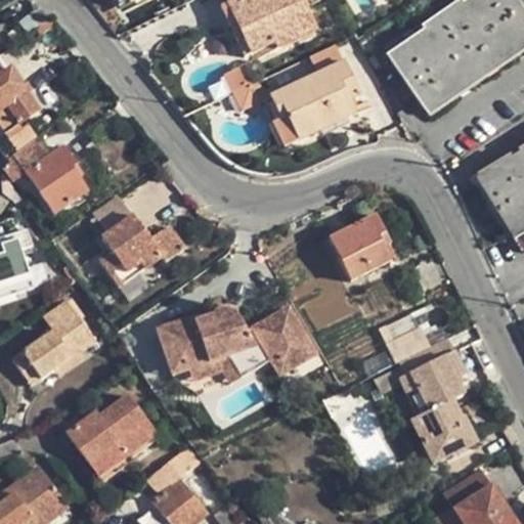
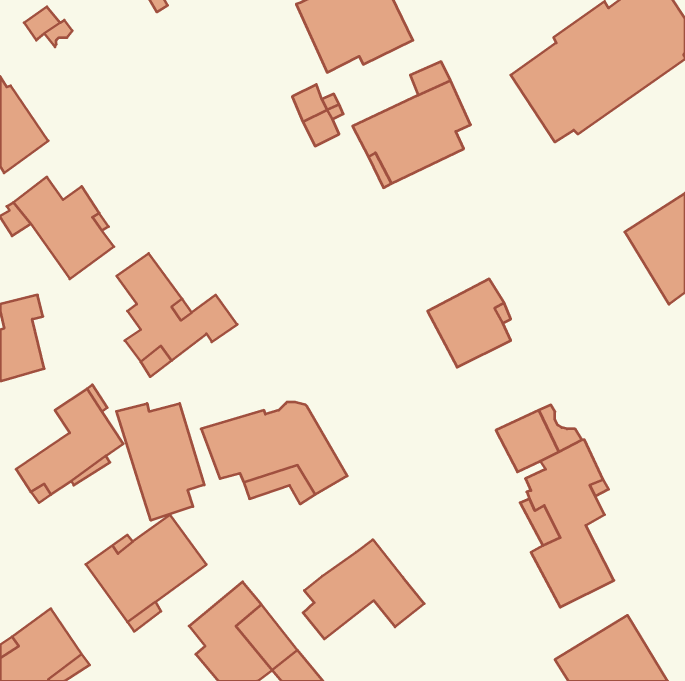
building: [251,306,316,368] -> none
building: none -> [116,403,204,520]
building: none -> [303,540,424,639]

